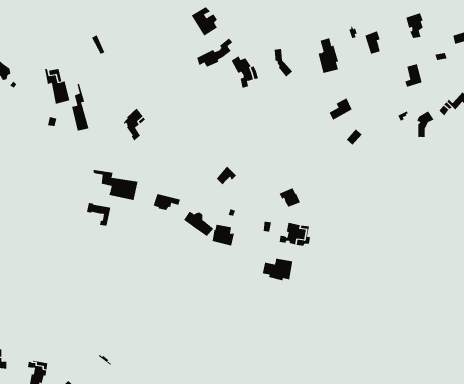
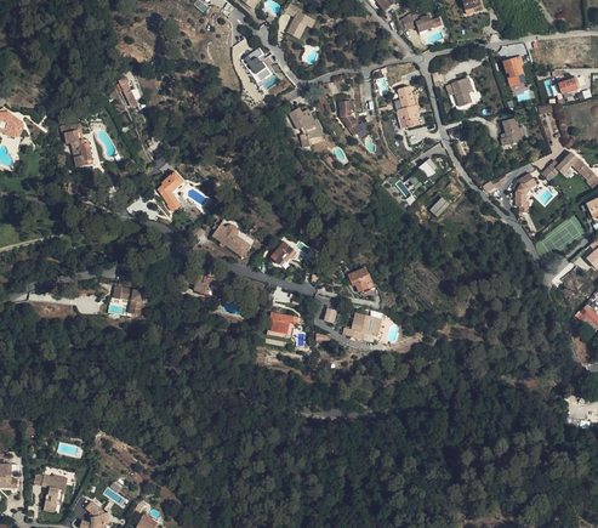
building: [197,38,233,67] -> none
building: [71,83,89,131] -> none
building: [93,169,138,201] -> none
building: [183,211,214,237] -> [212,223,250,255]
building: [262,258,293,281] -> none

